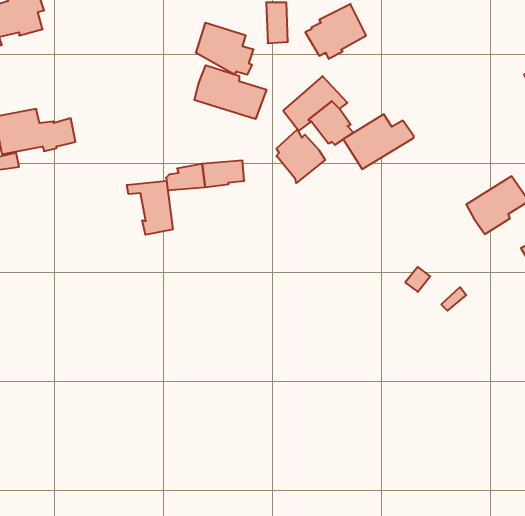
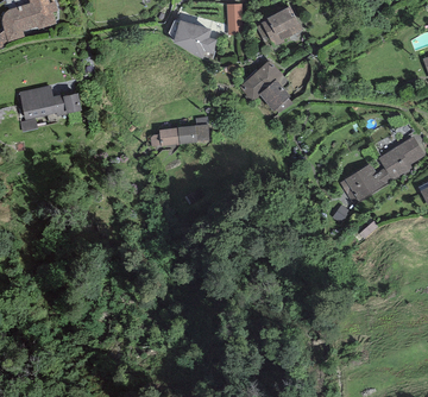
building: [194,65,266,119] -> none
building: [343,114,414,169] -> [339,163,392,204]
building: [276,130,325,183] -> none
building: [127,181,173,235] -> none

